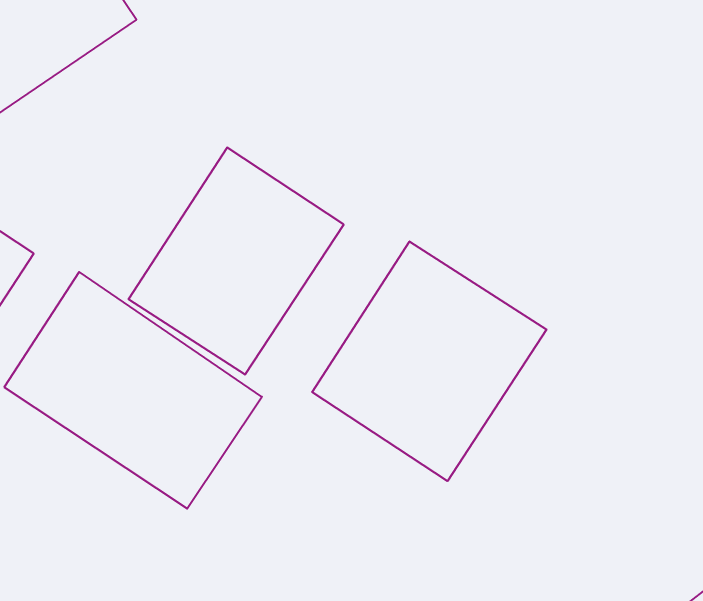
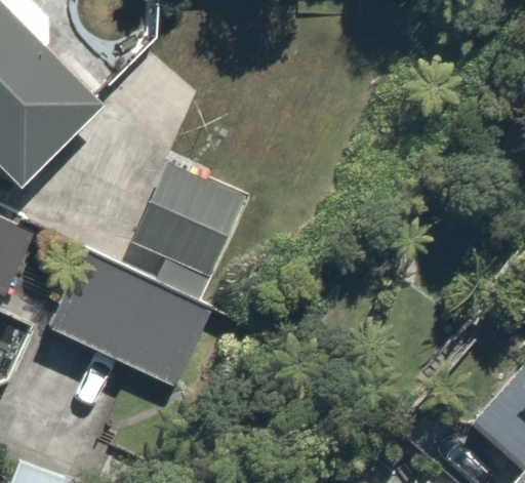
building: [312,241,546,481] -> none

